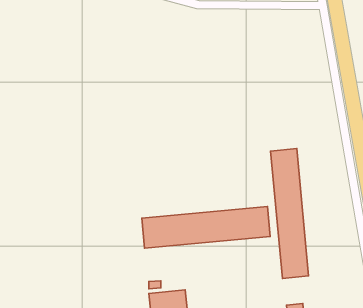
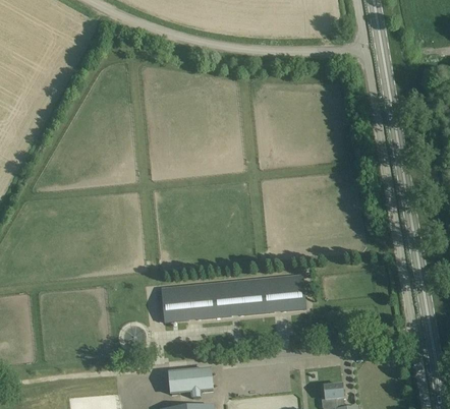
building: [271,149,309,279] -> none

